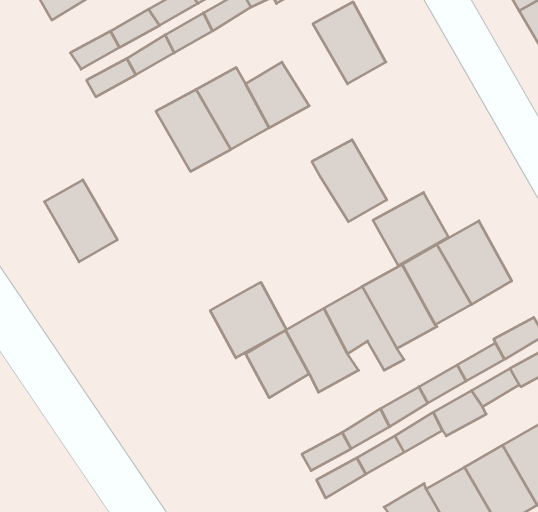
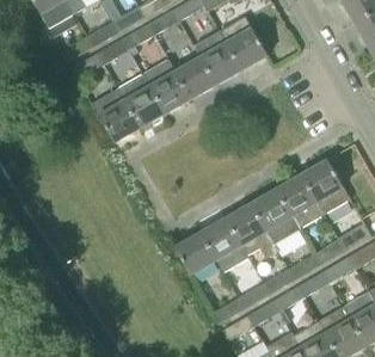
building: [312,140,387,222] -> [192,30,241,84]
building: [44,180,117,262] -> [91,87,139,141]
building: [373,192,449,266] -> none
building: [210,282,286,358] -> none

